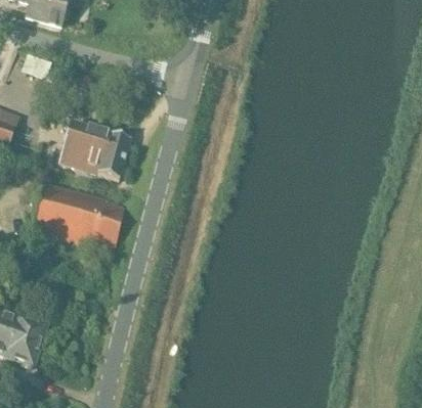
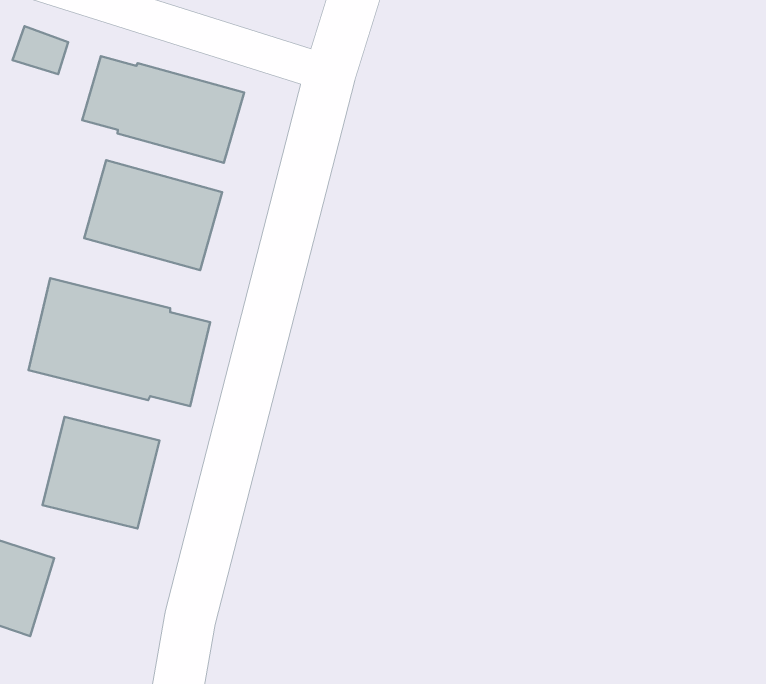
building: none -> [82,56,244,163]
building: none -> [43,417,160,528]

